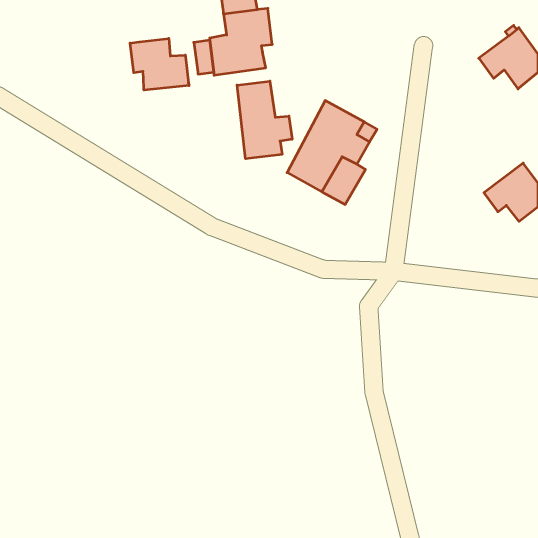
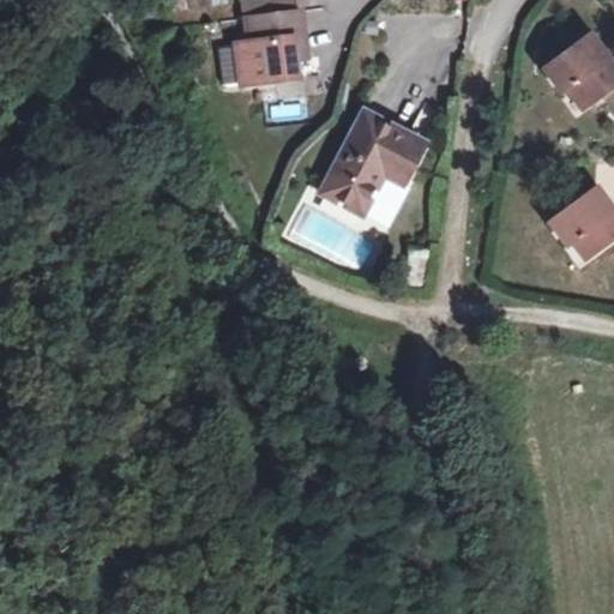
building: [130,38,189,90] -> none
building: [237,81,292,159] -> none

